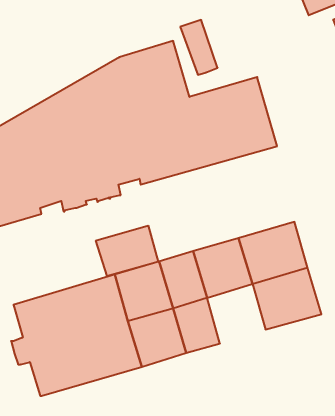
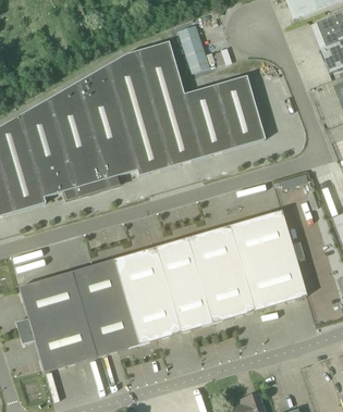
building: [96,226,158,276] -> none
building: none -> [199,267,254,323]

